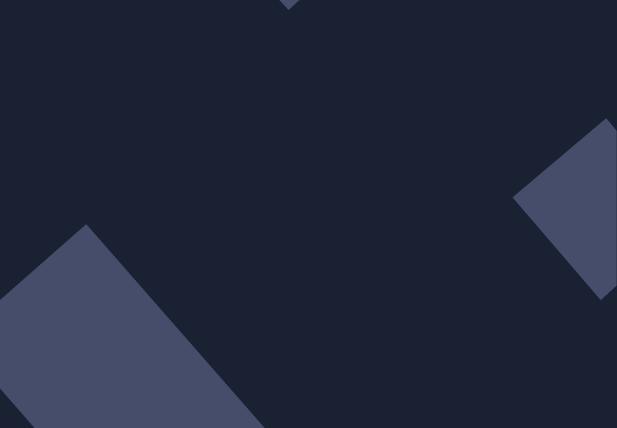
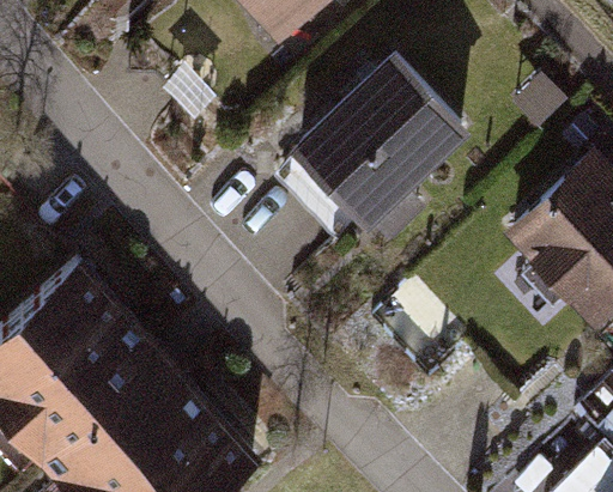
building: none -> [286,55,467,260]

